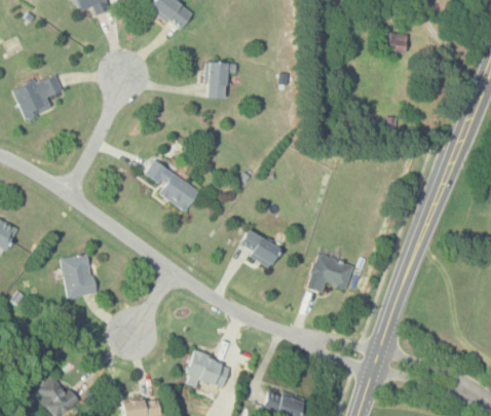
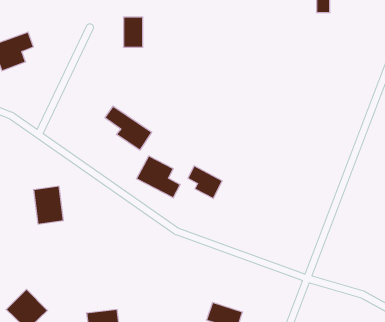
building: [205,63,228,98] -> [123,17,143,47]
building: none -> [136,156,180,198]
building: [307,253,353,293] -> none
building: [184,351,231,390] -> none

